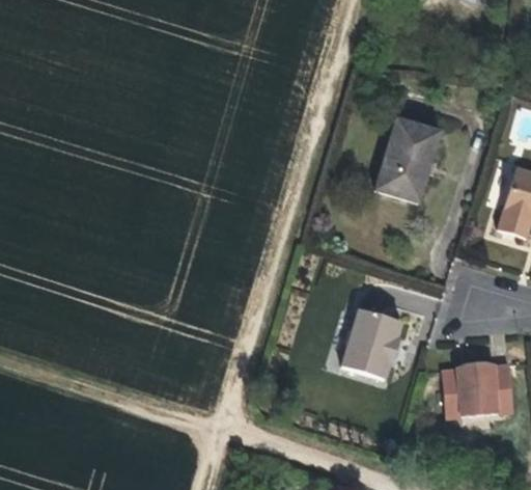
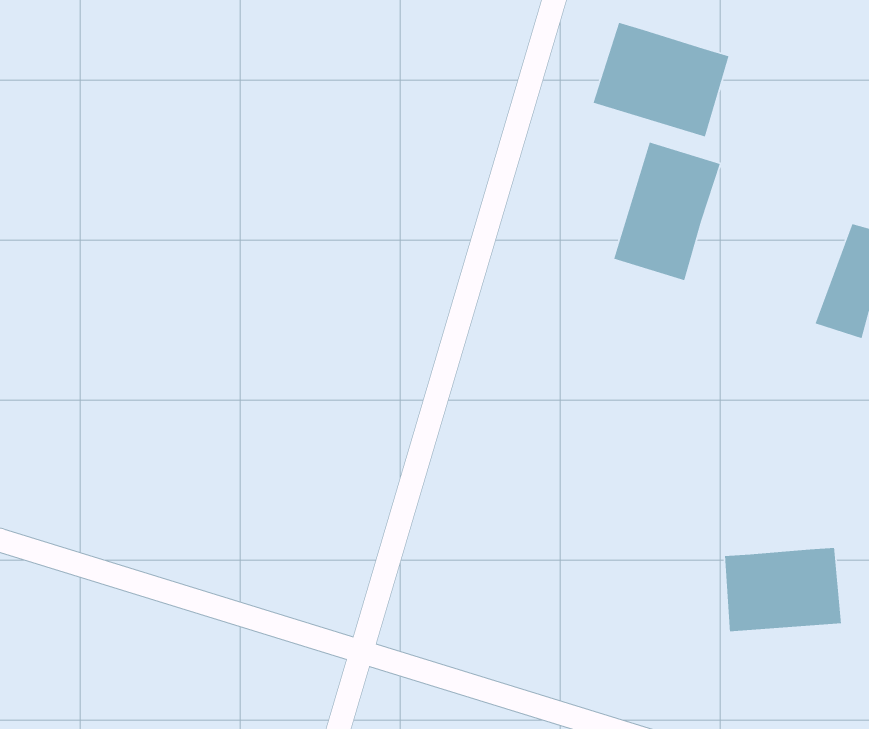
building: none -> [593,22,730,137]
building: [341,307,401,378] -> none

